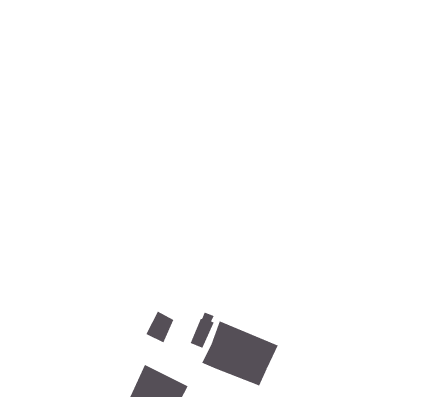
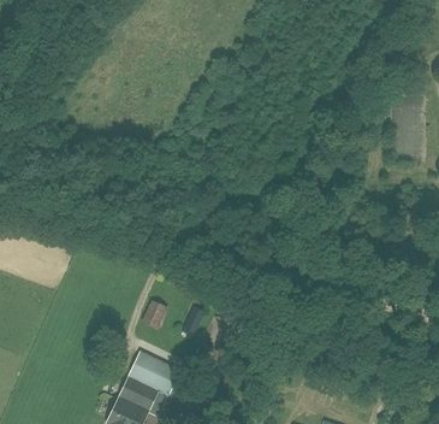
building: [201,321,278,387] -> none

